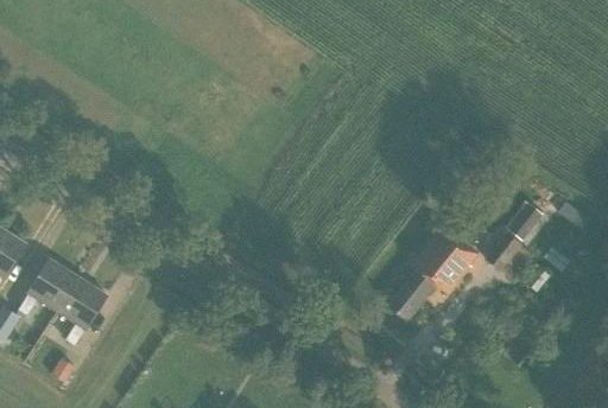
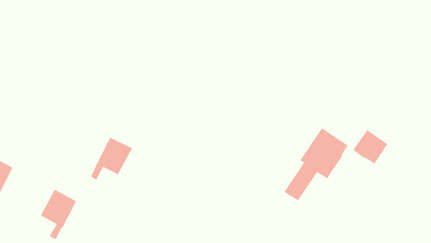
building: [507,200,543,241] -> none
building: [19,260,80,317] -> [90,137,133,181]

